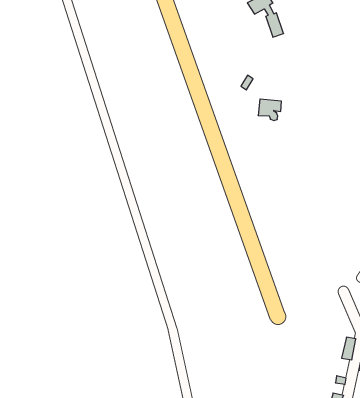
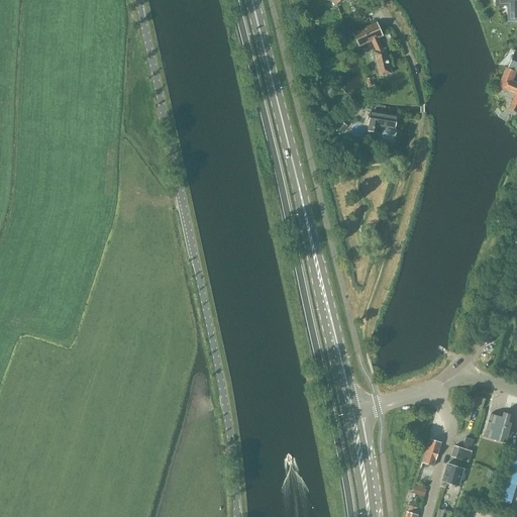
building: [258,99,281,121] -> [369,110,398,137]

